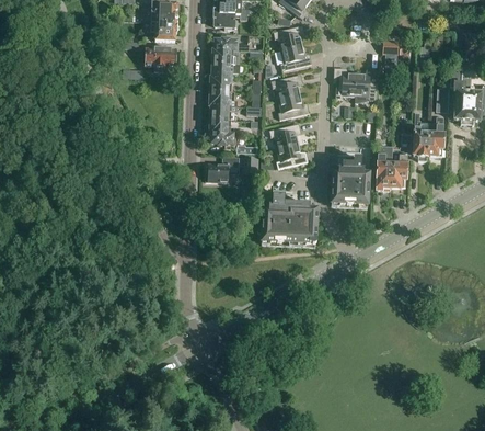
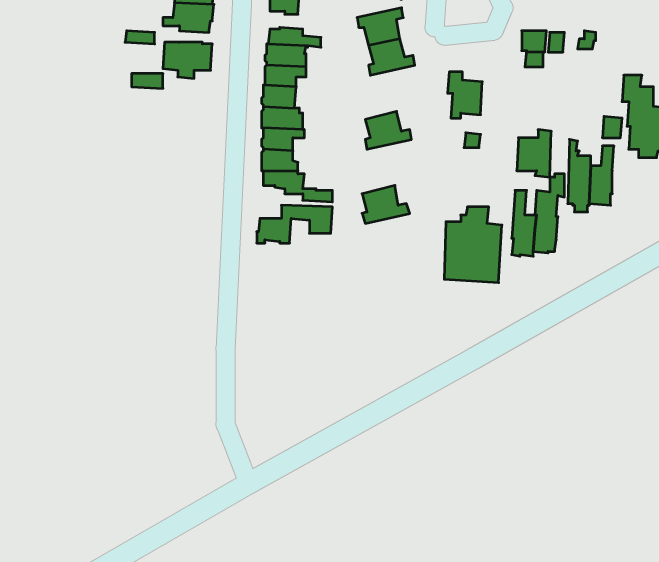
building: [355,69,378,101] -> [517,130,551,177]
building: [270,75,301,100] -> none
building: [268,123,300,149] -> none
building: [256,195,316,247] -> none

